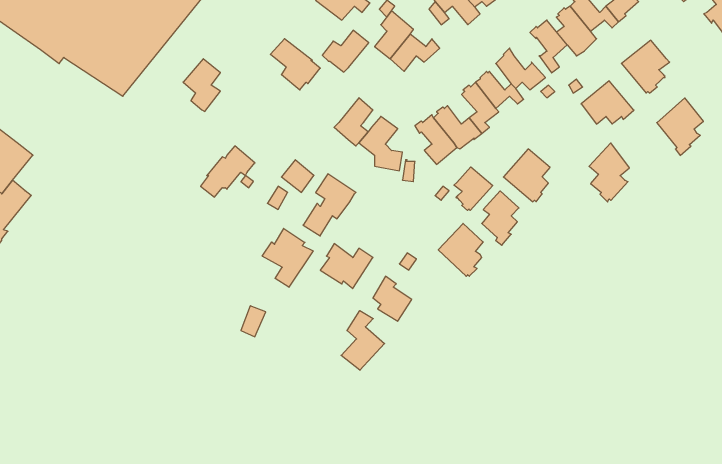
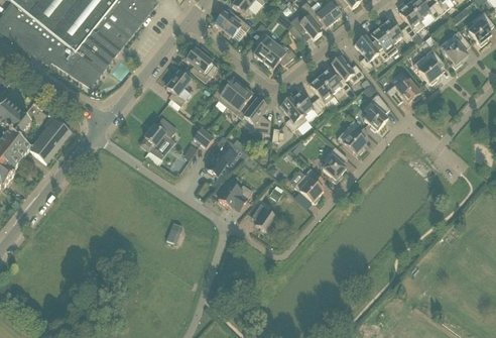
building: [322,30,369,72] -> [213,78,243,105]
building: [183,59,220,111] -> [166,71,191,105]
building: [657,98,703,155] -> [440,29,470,67]
building: none -> [26,115,72,162]
building: [589,143,629,202] -> [363,92,389,130]
building: [454,167,493,210] -> none
building: [262,228,313,287] -> none
building: [341,311,385,370] -> none

